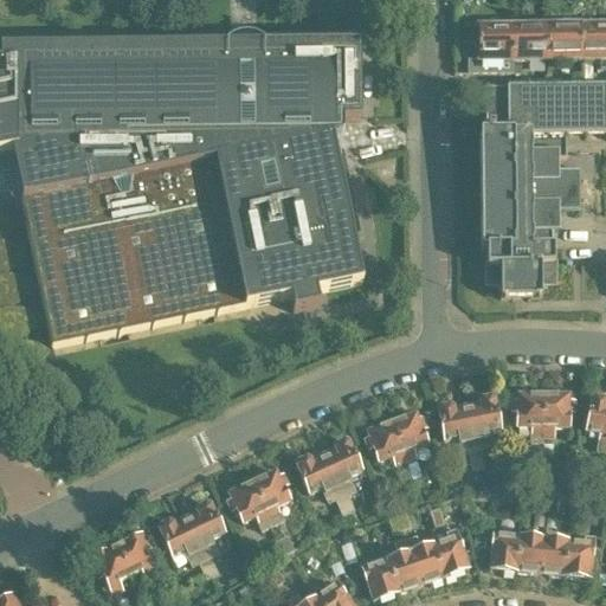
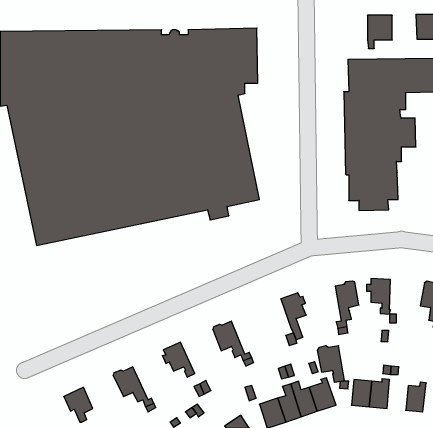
building: [548,20,582,67] -> none
building: [479,21,514,57] -> none
building: [544,389,575,432] -> none
building: [439,399,477,450] -> [317,346,345,382]
building: [366,417,407,460] -> none
building: [324,436,363,494] -> none
building: [253,466,291,521] -> none
building: [187,498,226,557] -> none
building: [118,528,157,574] -> none
building: [541,529,570,572] -> none

